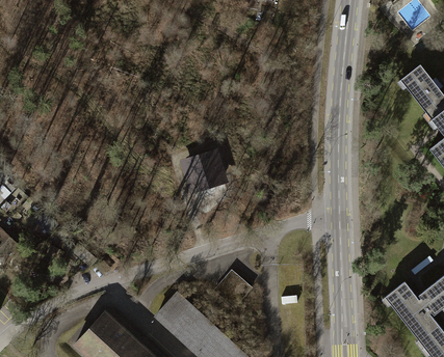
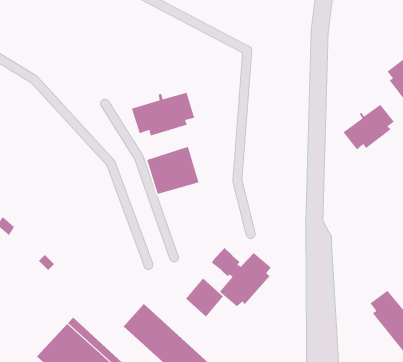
building: none -> [131,92,195,137]
building: none -> [342,104,395,151]
building: none -> [211,247,272,307]

